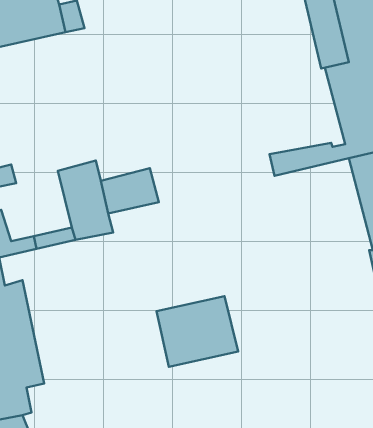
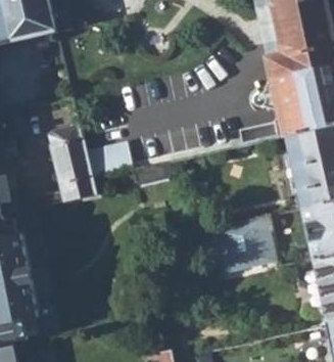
building: [156,296,238,367] -> [211,215,278,272]

